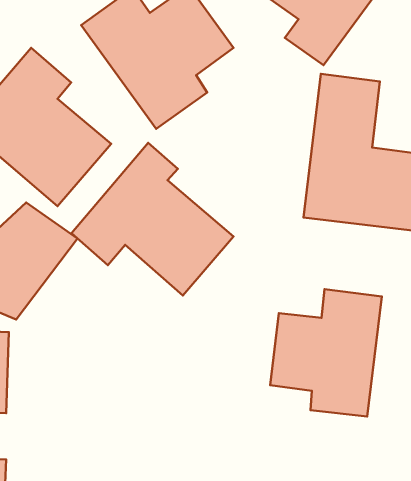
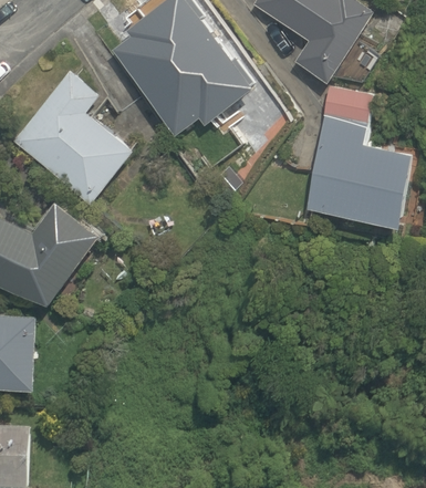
building: [71,143,234,295] -> none
building: [270,289,382,417] -> none

